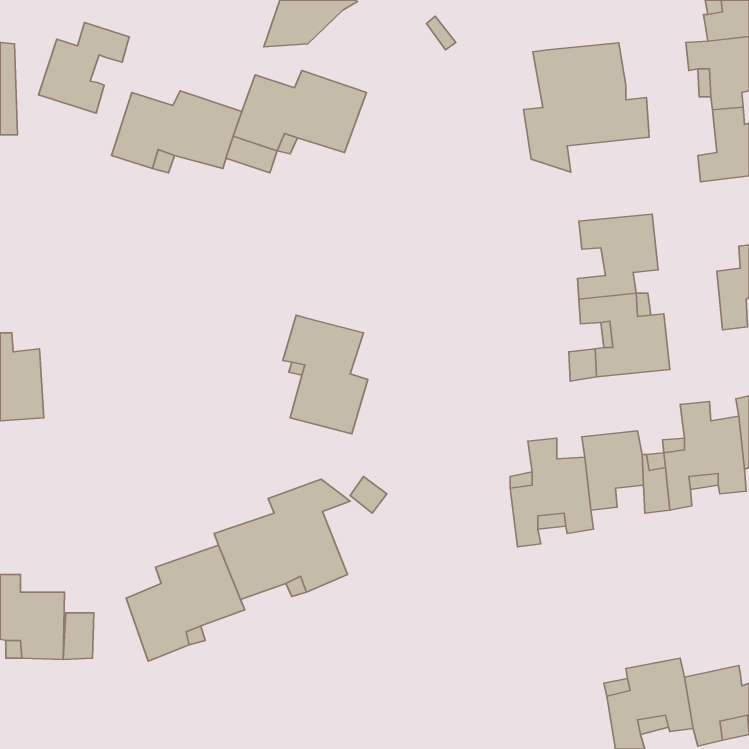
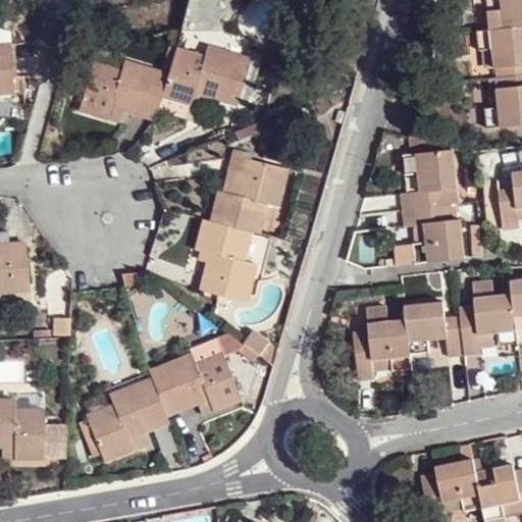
building: [39,22,129,113] -> none
building: [524,43,649,172] -> none
building: none -> [213,152,290,234]

